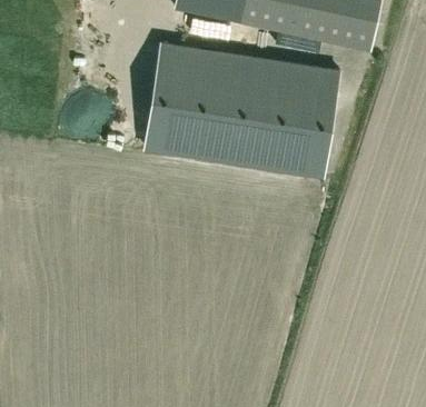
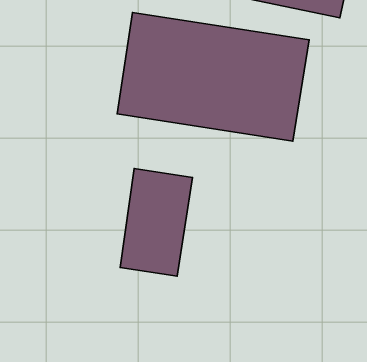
building: none -> [120,169,192,276]

